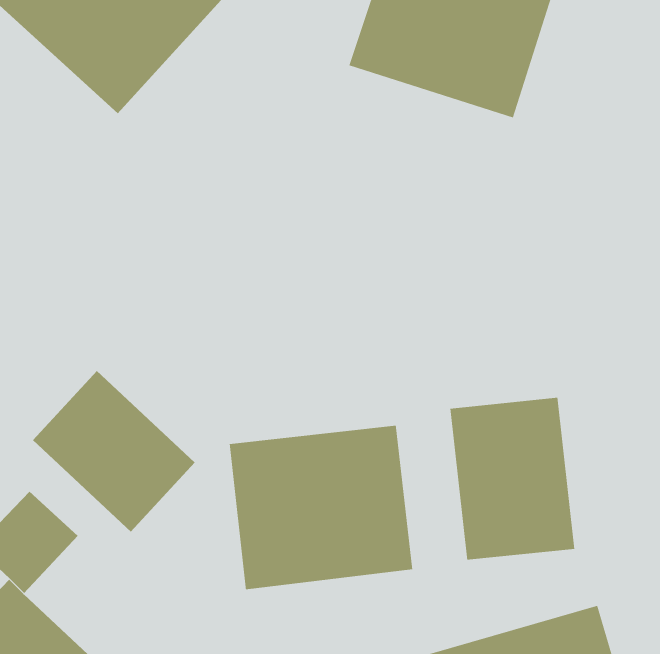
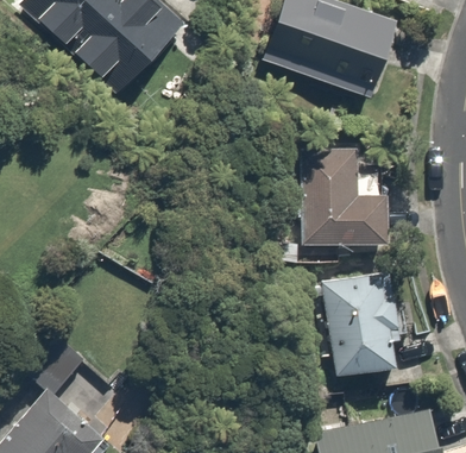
building: none -> [304,144,390,254]
building: [32,370,196,533] -> none
building: [229,425,413,590] -> none

